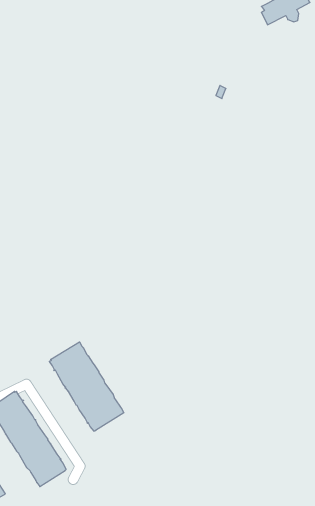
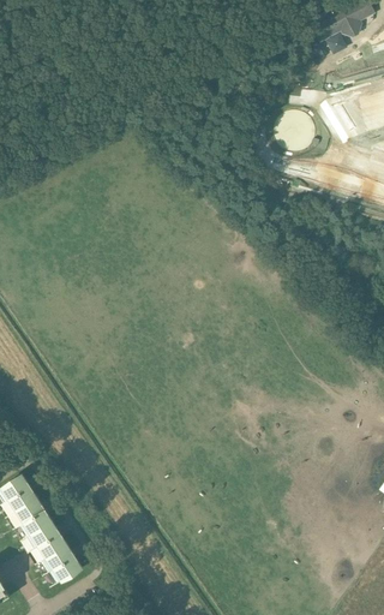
building: [49,342,124,431] -> none

